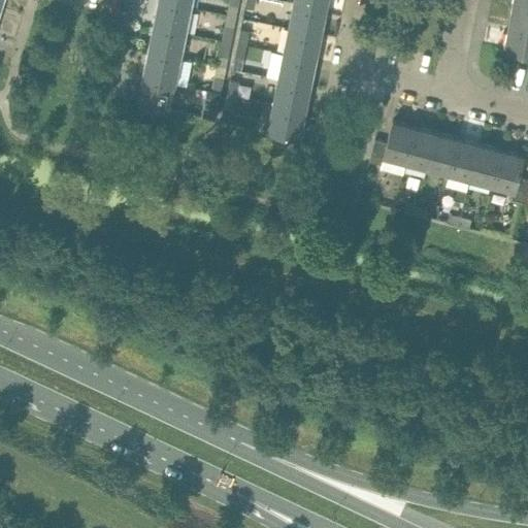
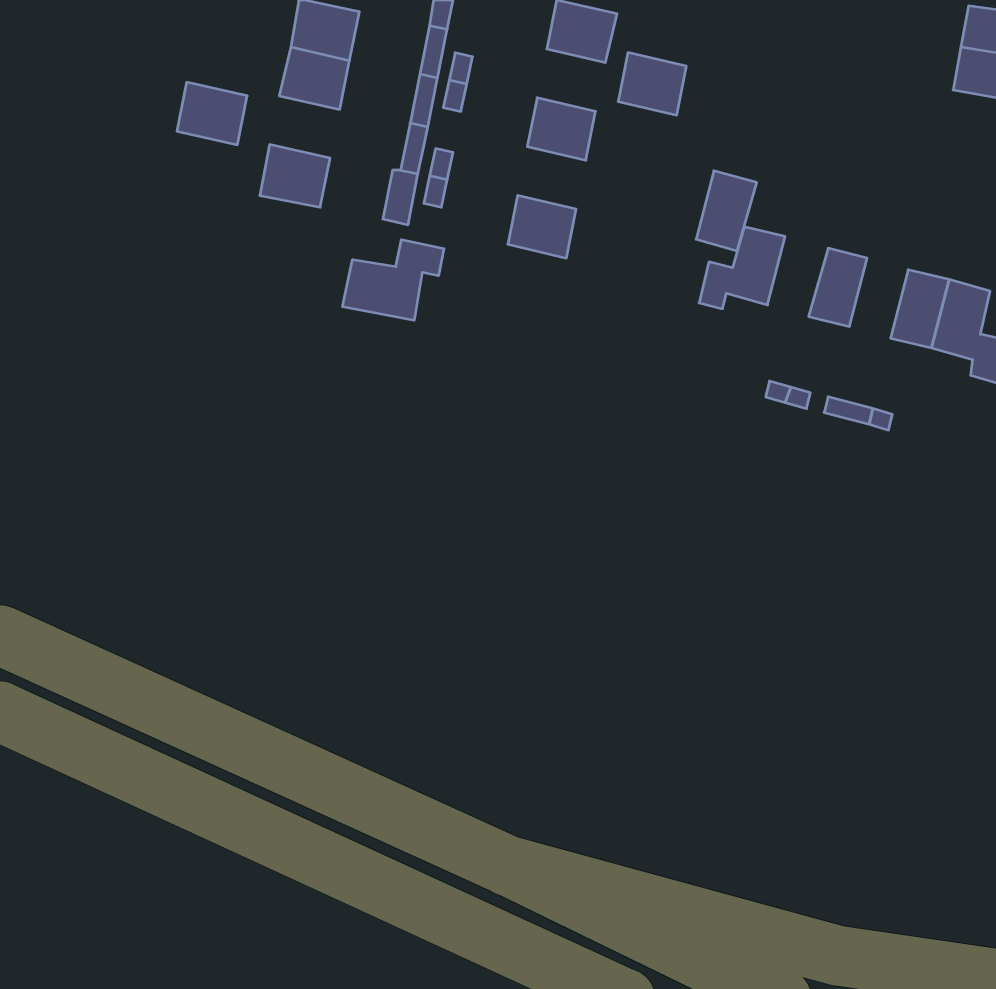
building: [285,31,321,64] -> [618,53,686,115]
building: [143,56,180,89] -> [177,82,247,145]
building: [274,82,310,116] -> none
building: [406,130,438,172] -> [696,171,757,251]
building: none -> [343,240,444,320]
building: [450,141,481,184] -> none

